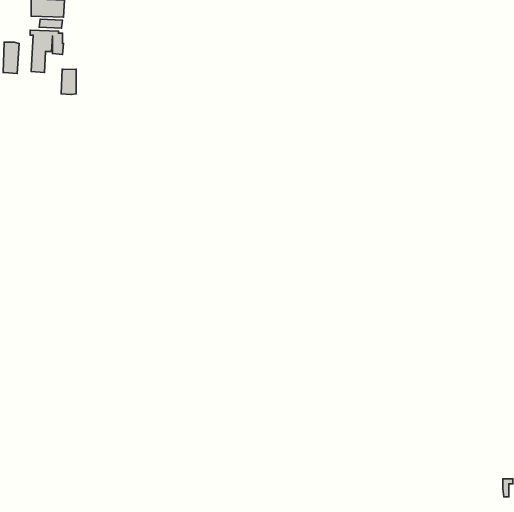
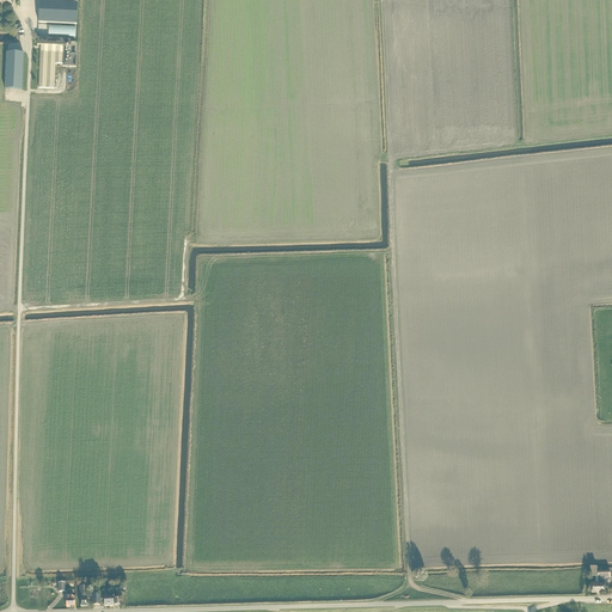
building: [61,69,76,95] -> none

